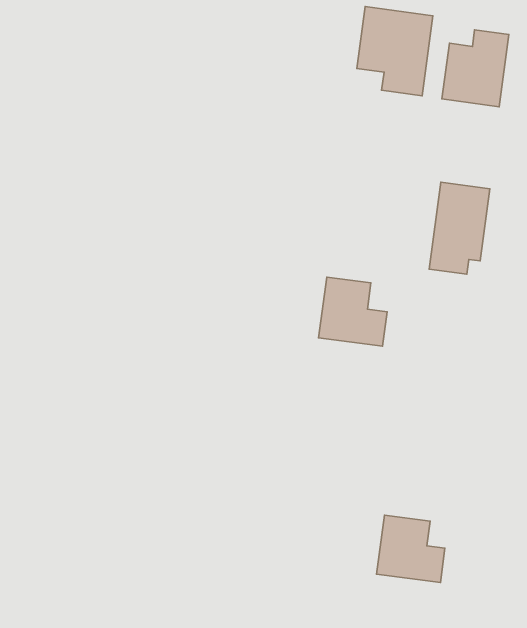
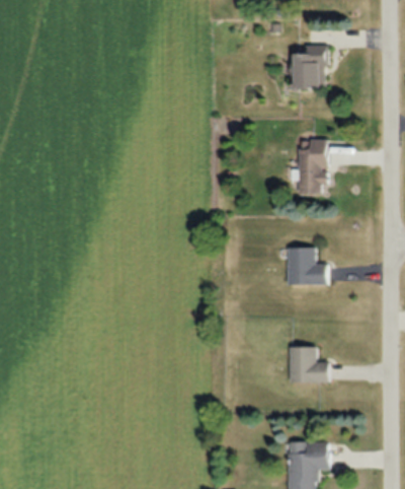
building: [357,7,433,96] -> none
building: [319,277,387,346] -> [288,248,327,285]

